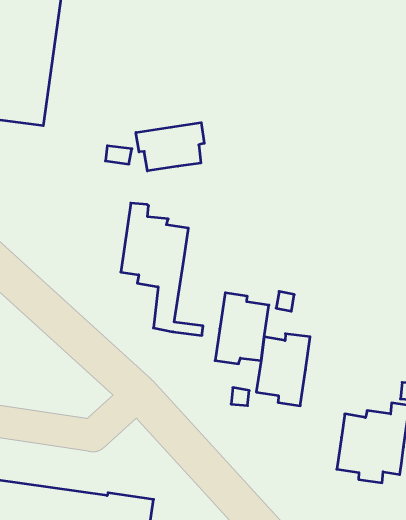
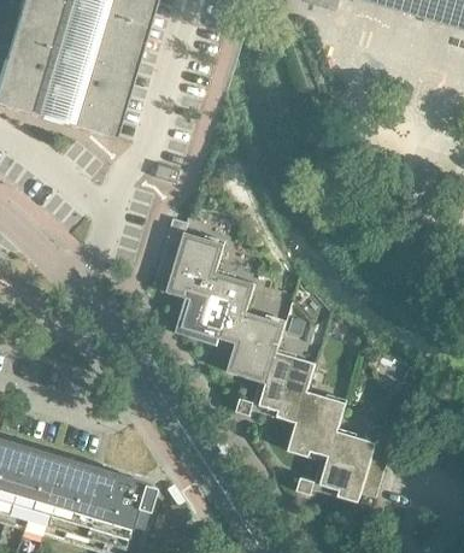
building: [136,123,204,171] -> none
building: none -> [198,273,256,340]
building: none -> [290,388,346,453]

